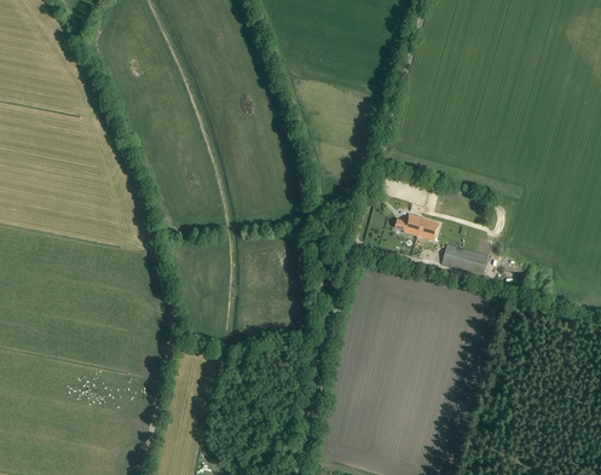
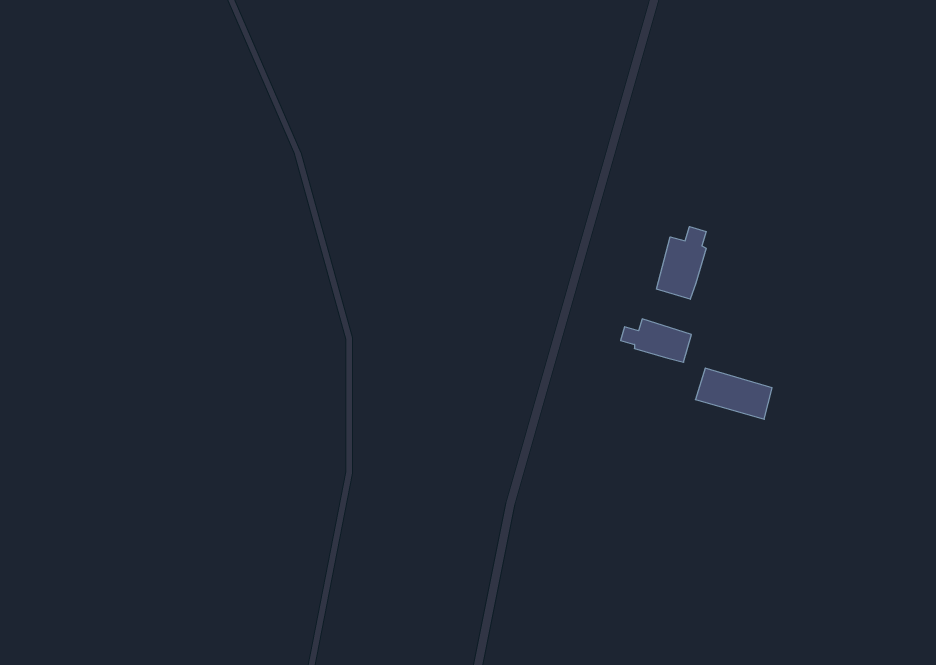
building: none -> [657,227,706,299]

